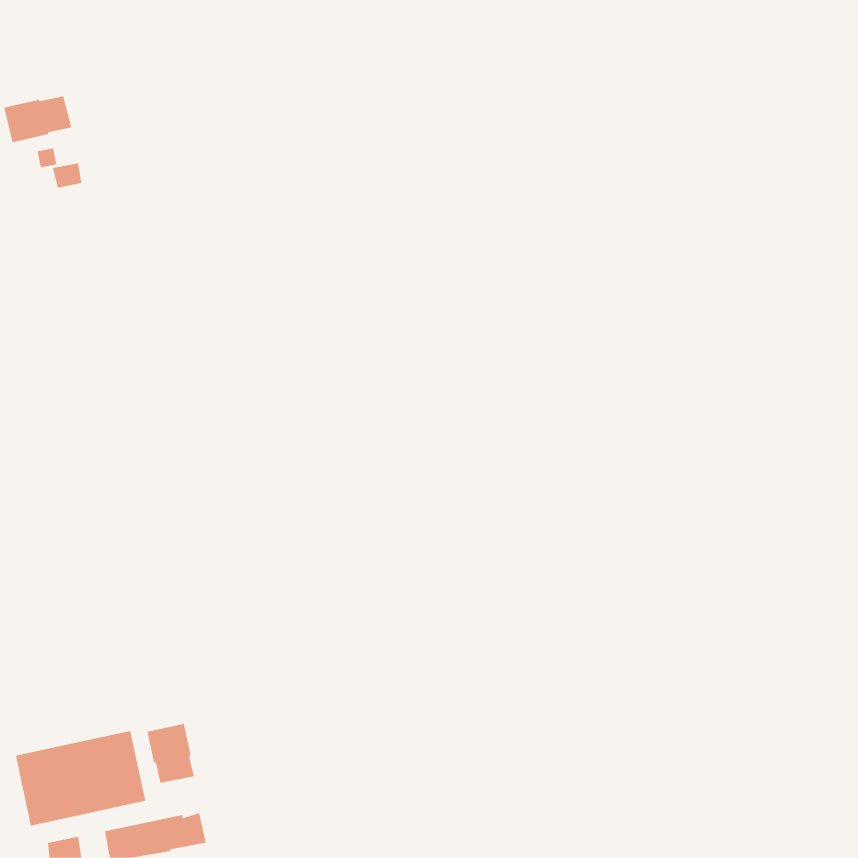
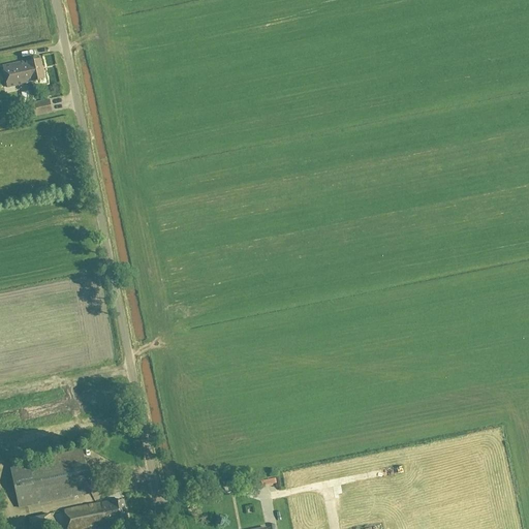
building: [147,723,194,783] -> none

